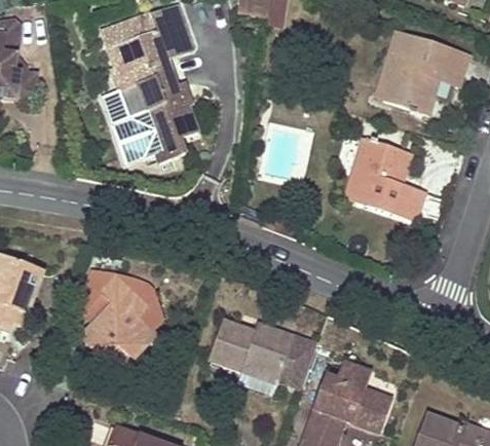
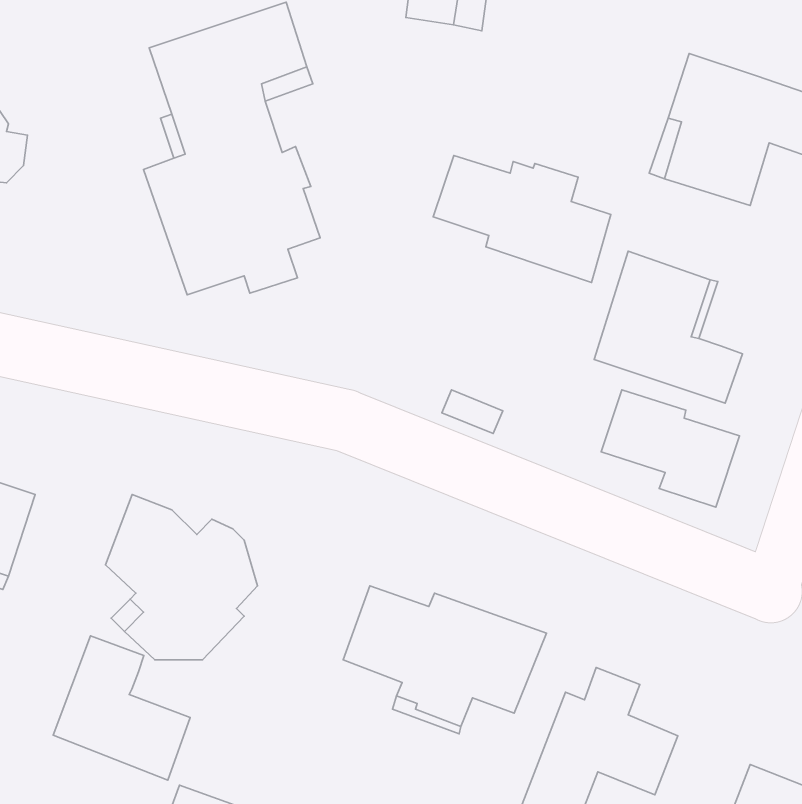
building: none -> [433,156,611,282]
building: none -> [601,390,740,507]
building: none -> [53,636,190,780]

